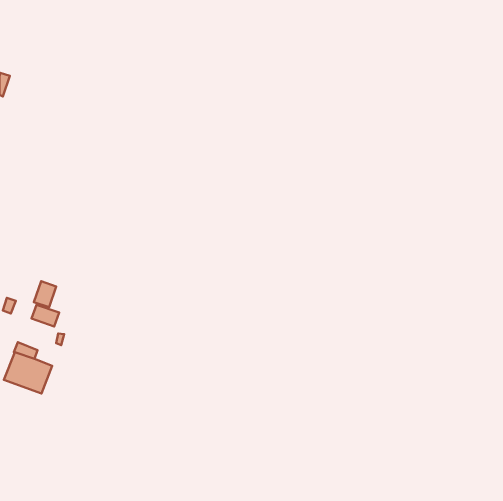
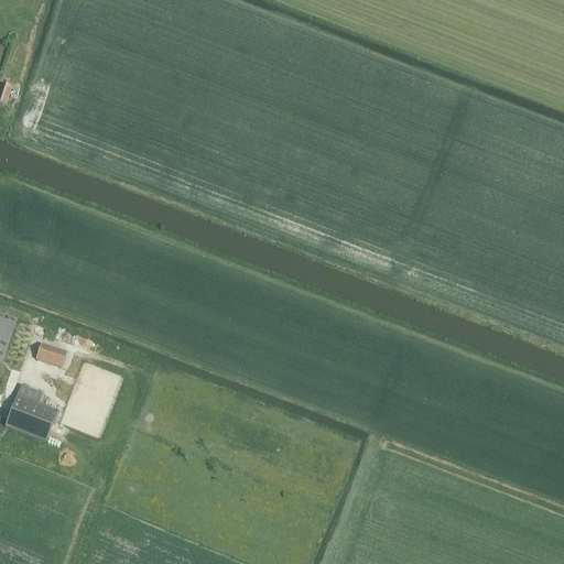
building: [34,281,56,307] -> none

